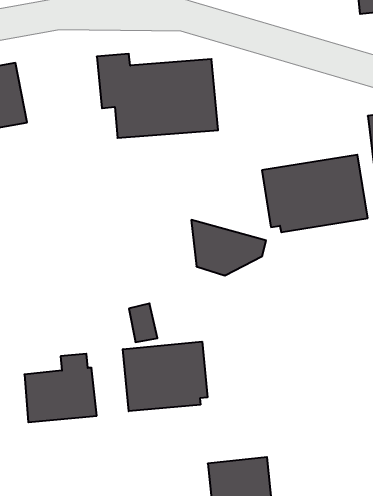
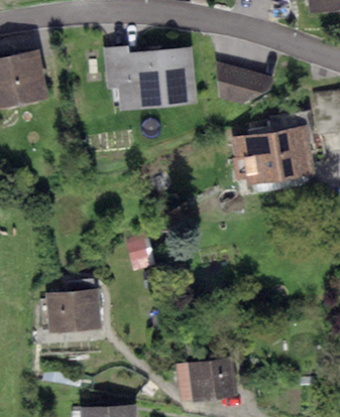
building: [191,220,266,275] -> [215,60,273,104]
building: [123,342,207,411] -> none

